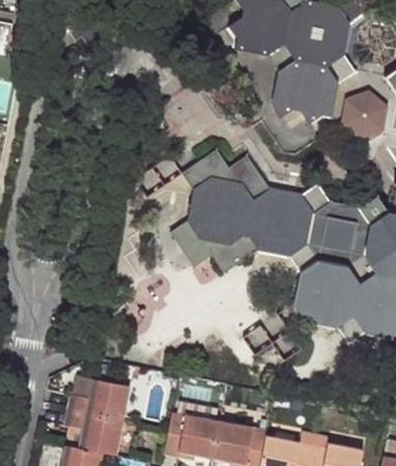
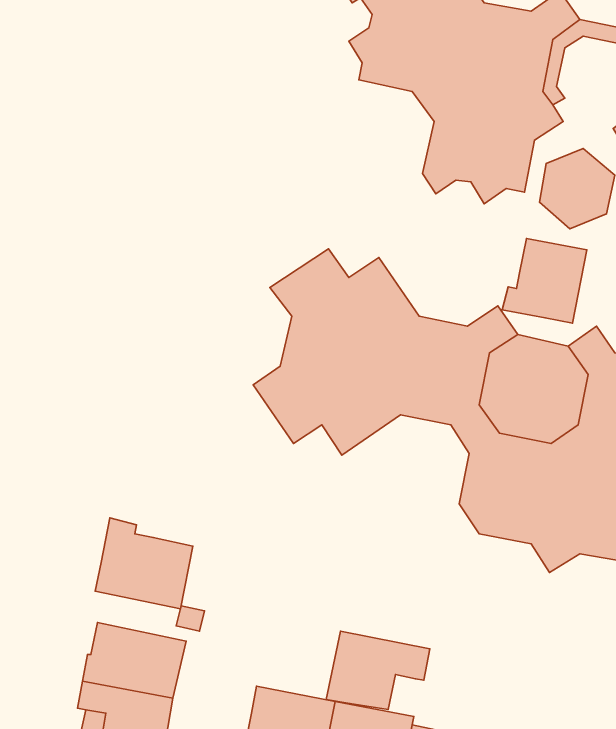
building: none -> [502,239,587,323]
building: none -> [95,518,193,609]
building: none -> [326,631,430,709]

